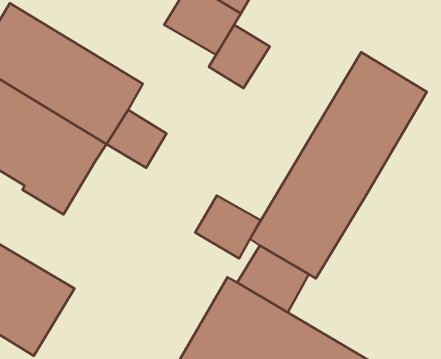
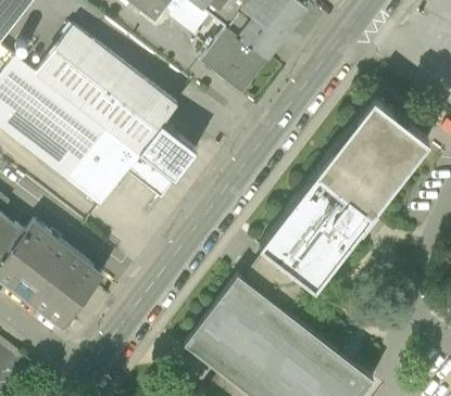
building: [209,25,270,88] -> none
building: none -> [135,154,177,192]
building: [195,195,260,259] -> none

